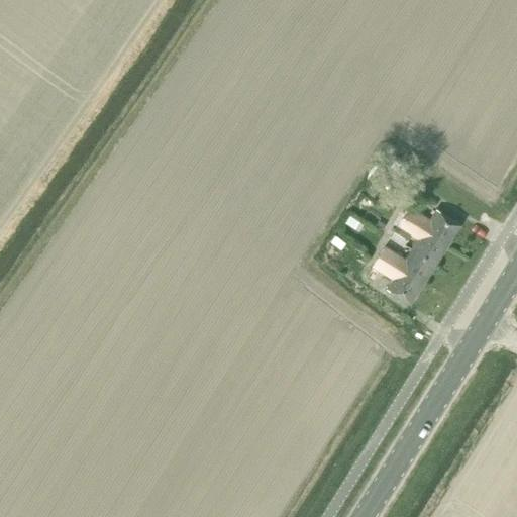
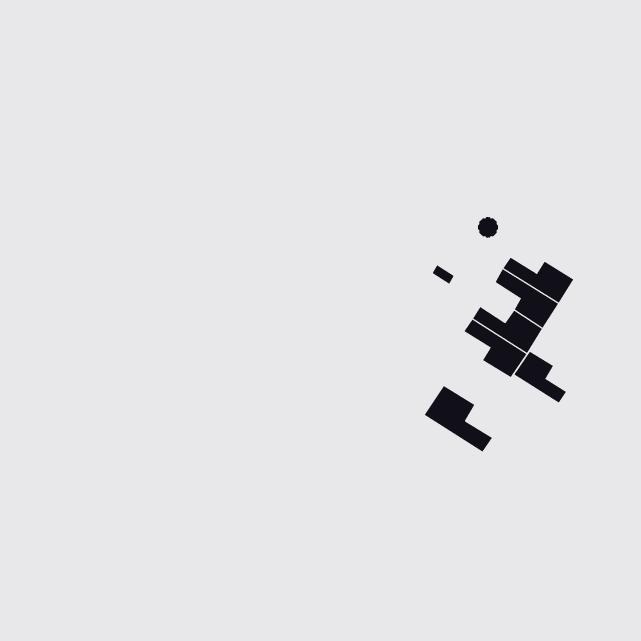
building: none -> [514,351,567,404]
building: none -> [424,385,493,453]

